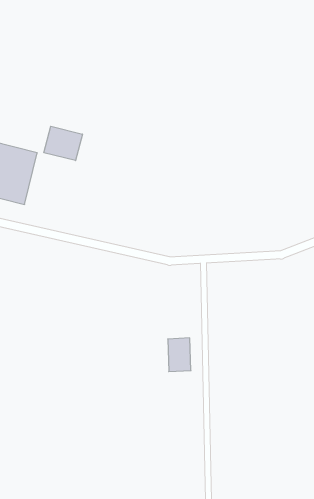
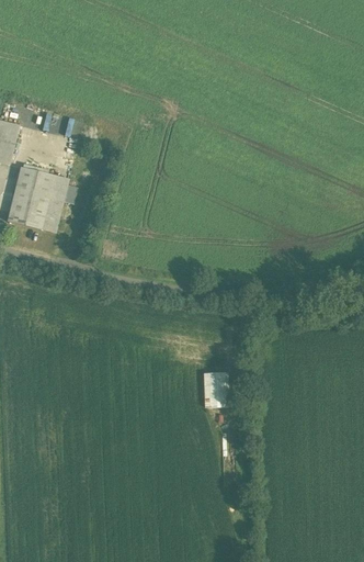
building: [44,126,82,161] -> none

